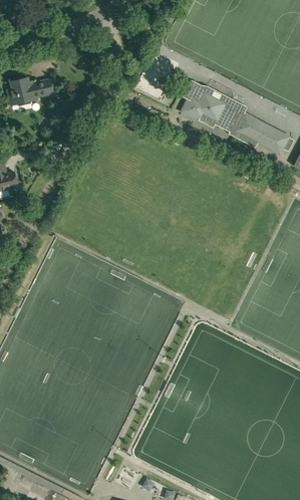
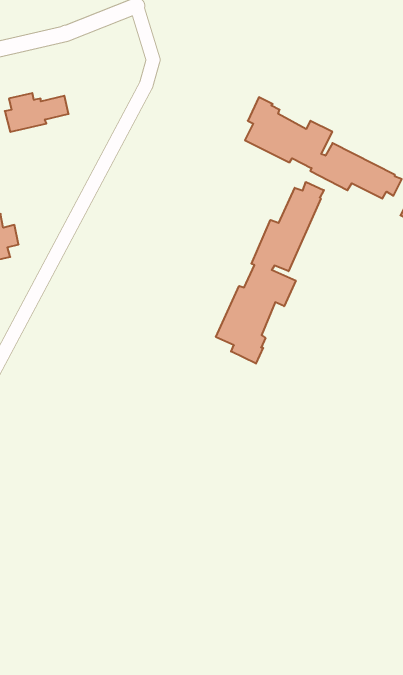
building: none -> [216,182,324,364]

